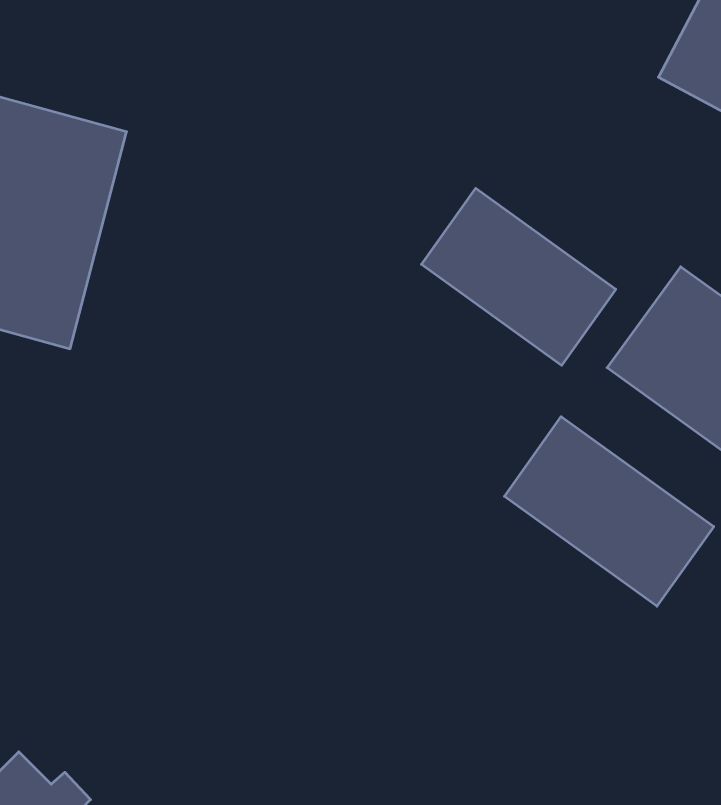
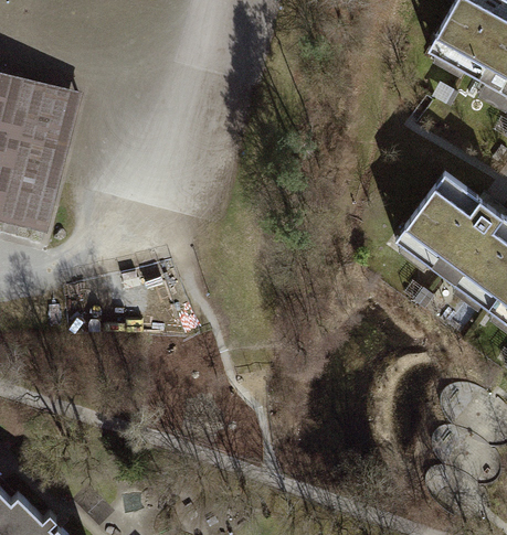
building: [421,188,616,365] -> none
building: [504,417,714,606] -> none

